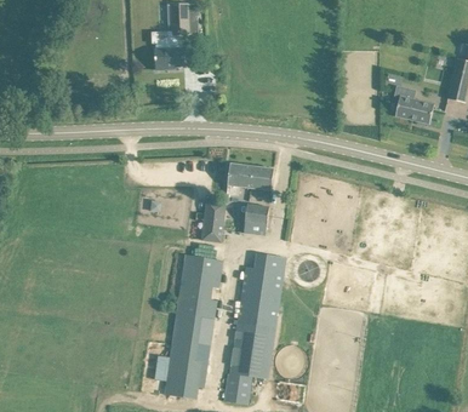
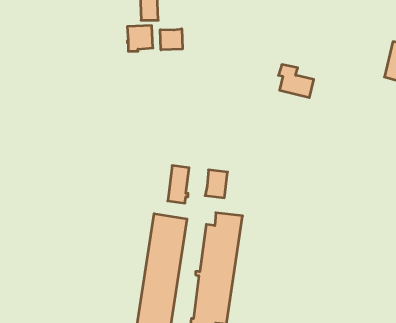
building: none -> [160,29,182,50]
building: [394,86,434,124] -> [278,65,314,98]
building: [227,164,274,194] -> none

